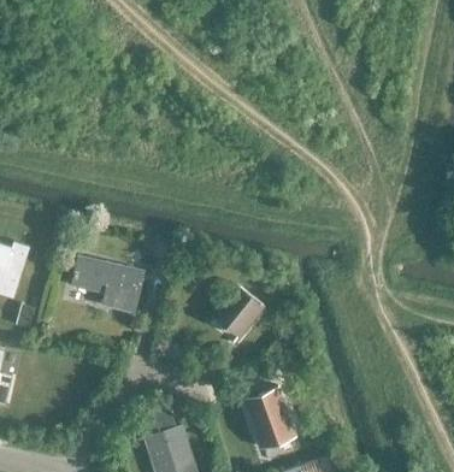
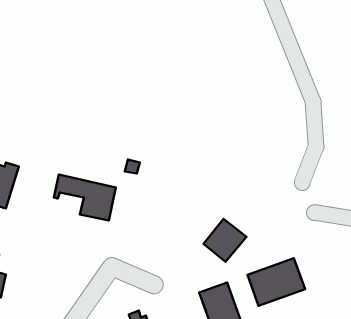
building: [212,284,264,336] -> [203,219,246,262]
building: none -> [247,258,305,306]

